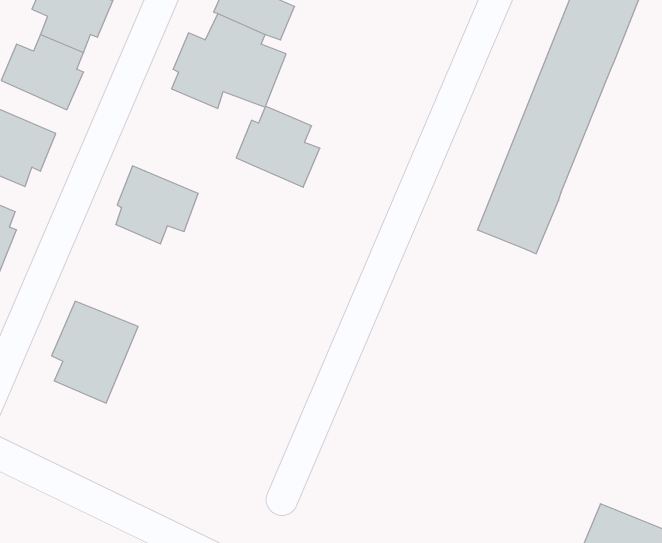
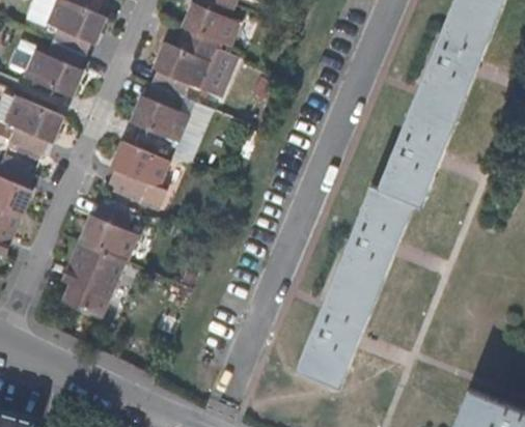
building: [236,106,320,187] -> [129,83,191,143]
building: none -> [296,184,414,389]
building: none -> [79,202,139,260]

